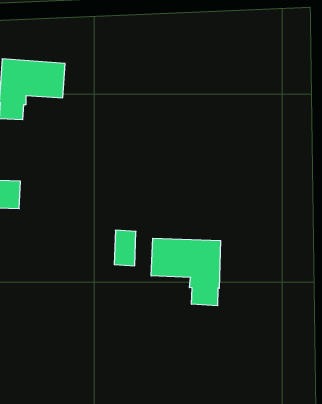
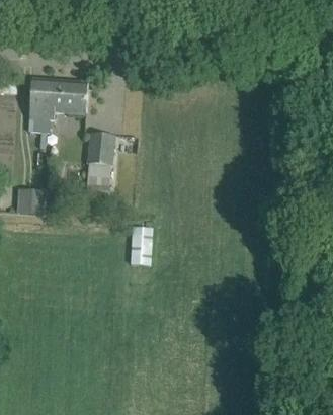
building: none -> [86,132,115,184]
building: [151,238,221,306] -> none

